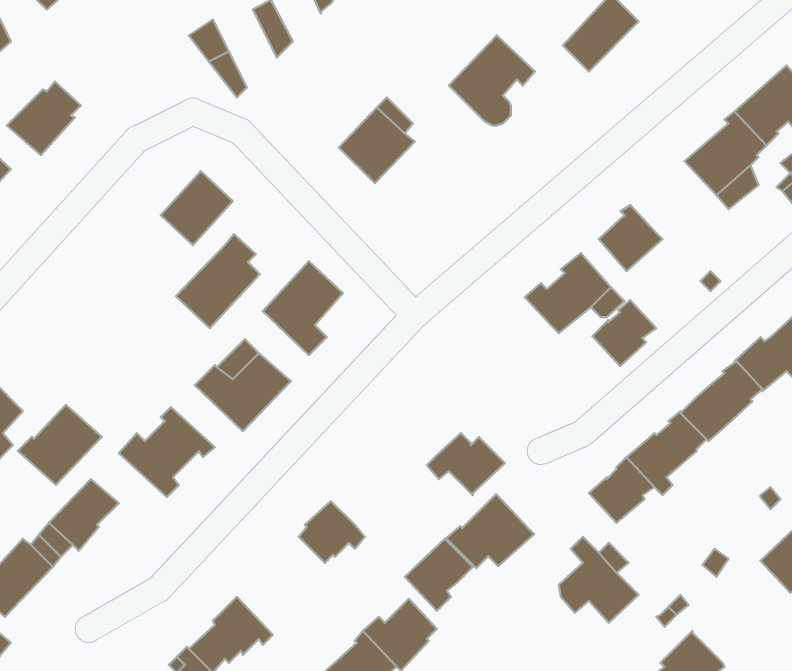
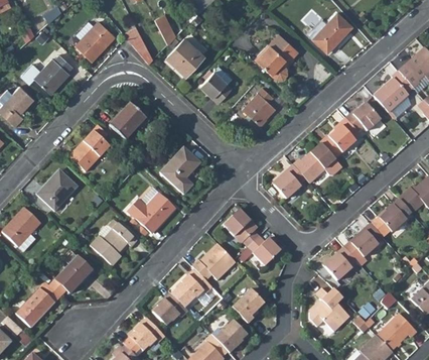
building: none -> [74,20,114,59]
building: none -> [165,37,202,75]
building: none -> [241,88,273,126]
building: none -> [345,102,382,132]
building: [176,234,260,328] -> [67,124,110,171]
building: [592,300,656,366] -> [273,165,305,199]
building: none -> [224,207,260,245]
building: [18,405,102,485] -> [35,169,78,210]
building: [446,494,534,568] -> [191,243,236,280]
building: none -> [154,292,187,324]
building: none -> [377,313,417,350]

